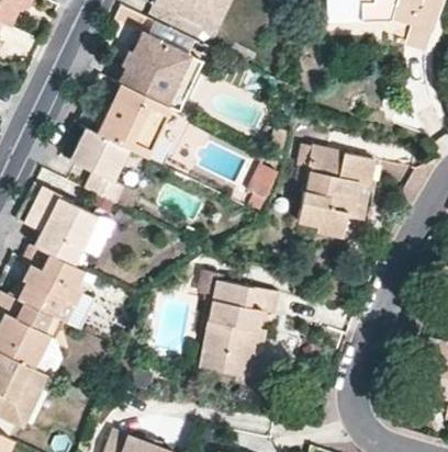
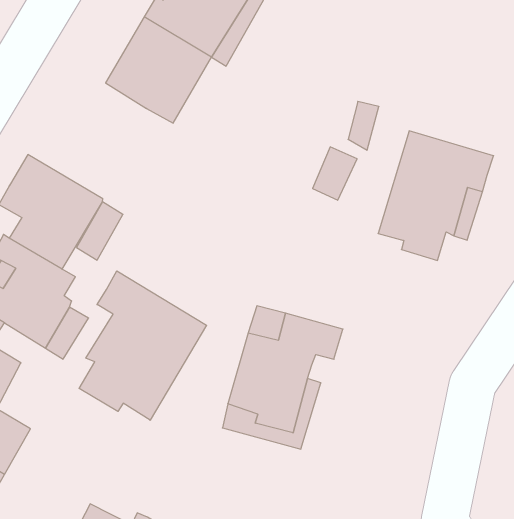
building: [67,127,125,203] -> none
building: none -> [79,271,207,420]

